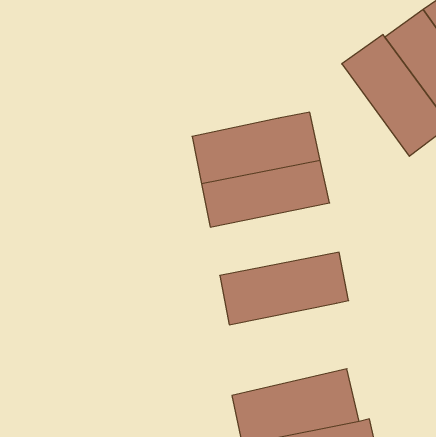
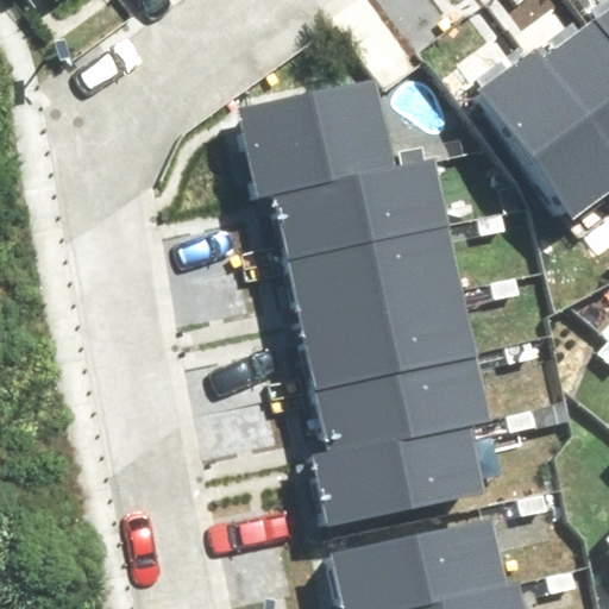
building: none -> [240,86,391,199]
building: none -> [297,285,475,385]
building: none -> [313,423,485,525]

